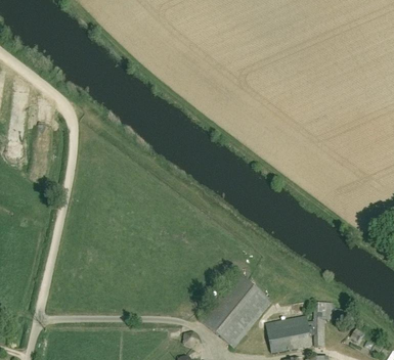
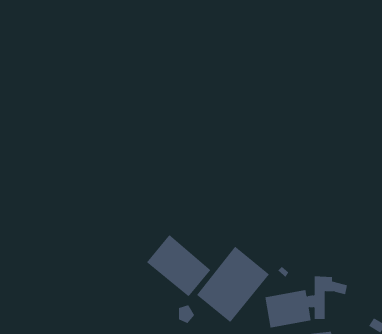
building: none -> [146,234,211,297]

